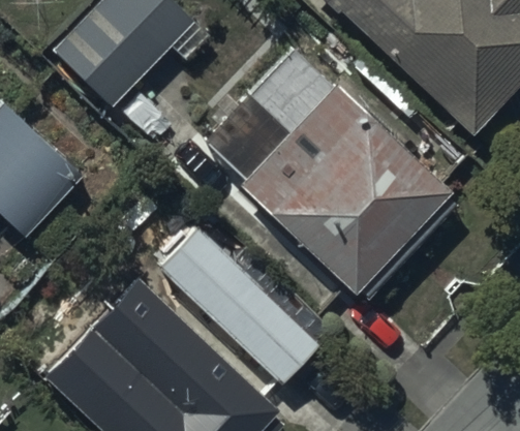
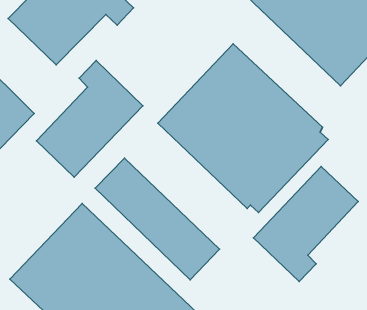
building: none -> [36,61,143,177]
building: none -> [254,166,358,281]

